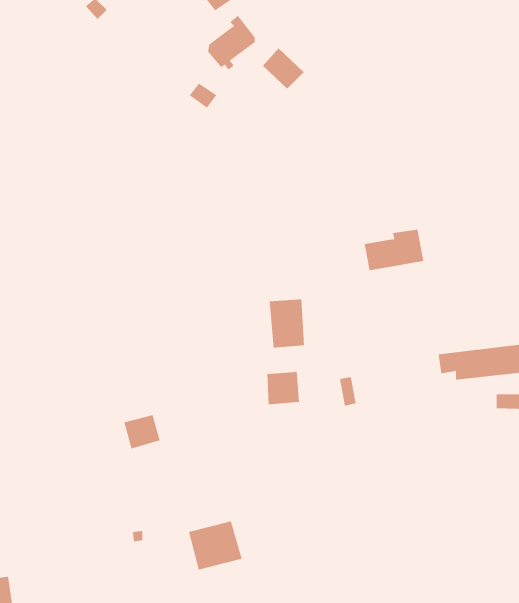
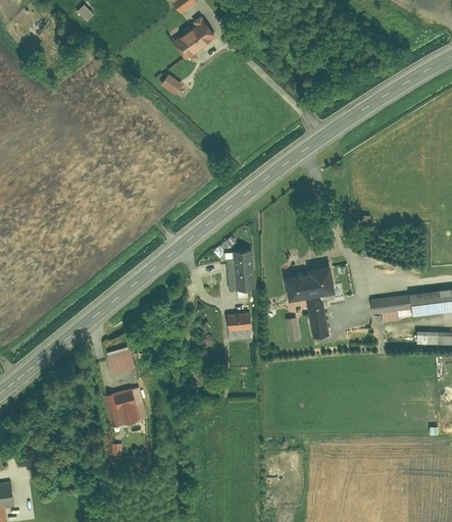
building: [262,47,305,90] -> none
building: [364,229,424,271] -> [285,268,335,303]
building: [188,521,243,570] -> [104,388,149,429]

